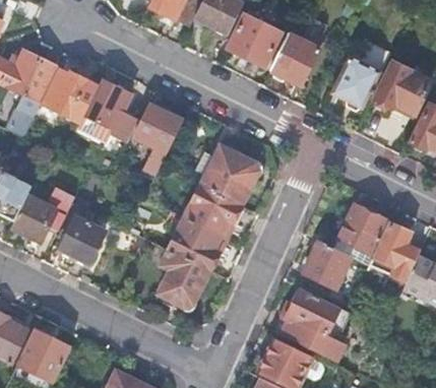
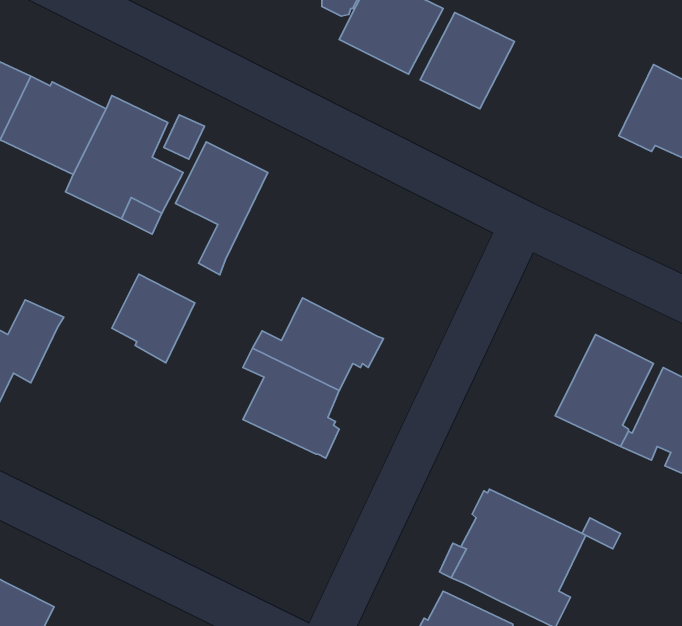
building: [326,56,375,109] -> none
building: [201,144,264,205] -> none
building: [61,218,105,265] -> [112,274,195,363]
building: [306,239,353,286] -> none
building: [160,249,209,310] -> none

